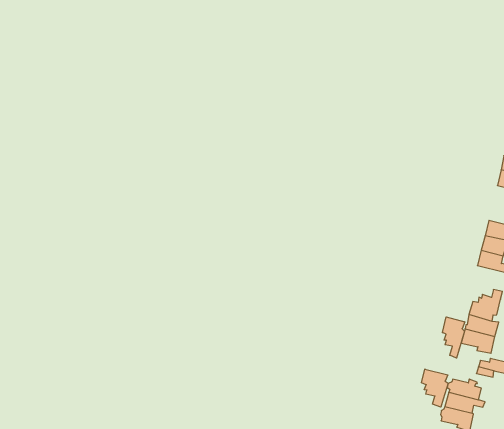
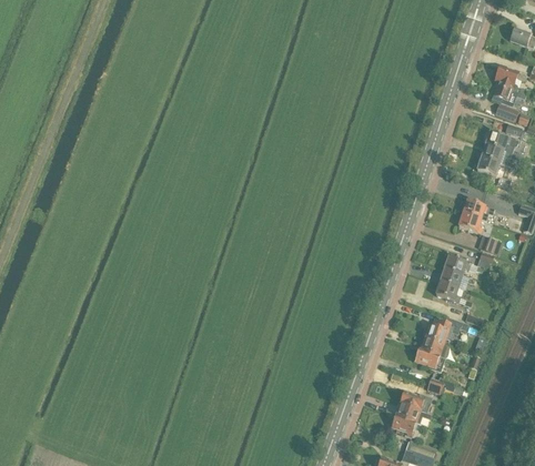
building: [442,317,465,358] -> none
building: [422,369,448,407] -> none

